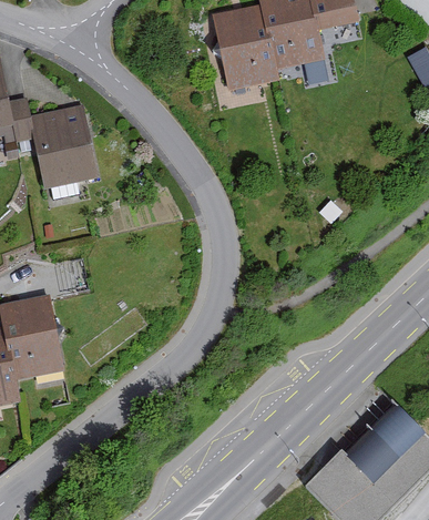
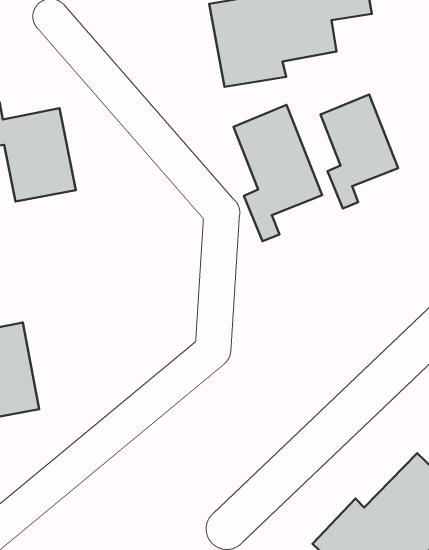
building: none -> [320,94,398,208]
building: none -> [233,105,322,241]

